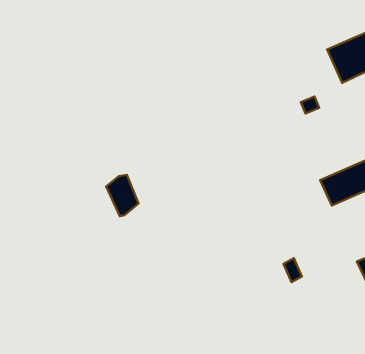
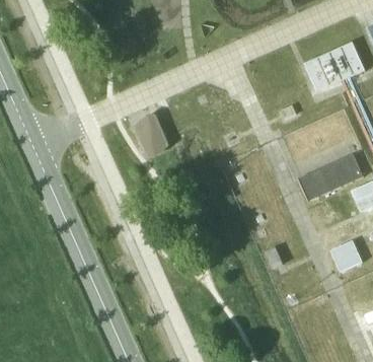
building: [106,175,138,216] -> [137,115,165,151]

